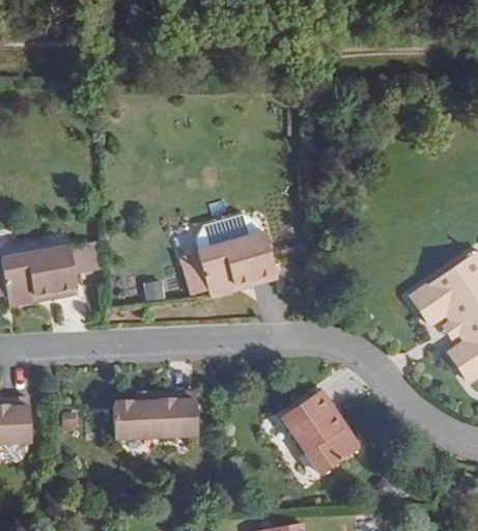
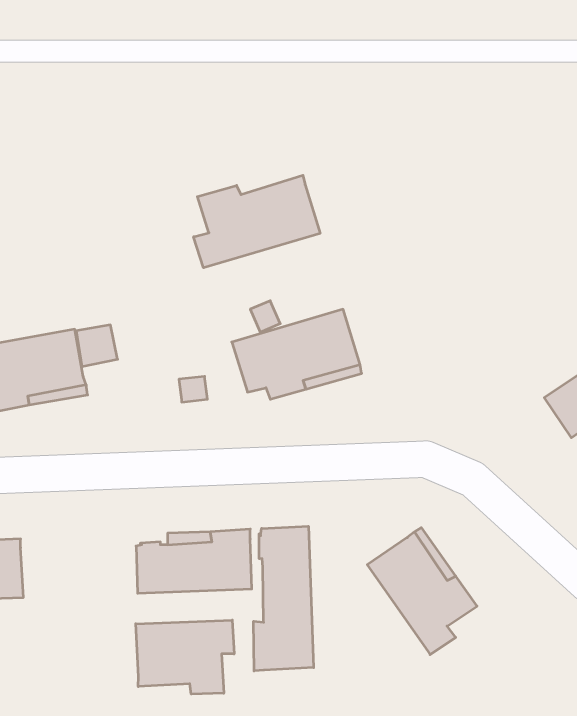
building: none -> [194,175,320,268]
building: none -> [254,526,314,671]
building: none -> [136,620,234,694]

